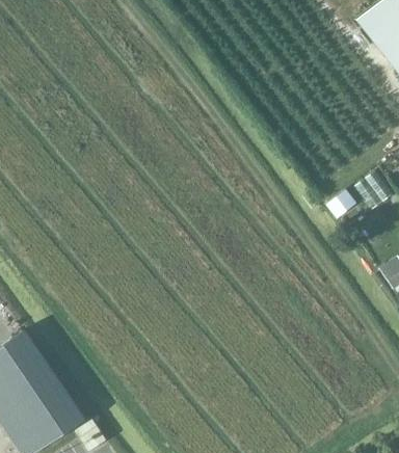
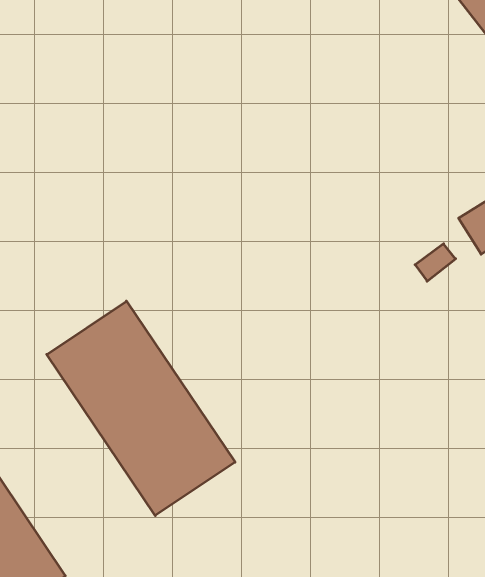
building: none -> [47,301,235,516]

